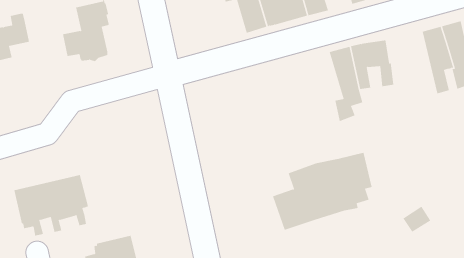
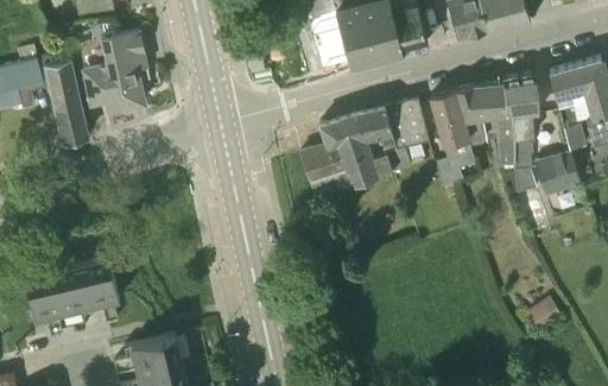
building: none -> [44,62,88,143]
building: none -> [504,72,540,194]
building: none -> [537,156,580,197]
building: [272,152,372,230] -> [299,96,429,197]

